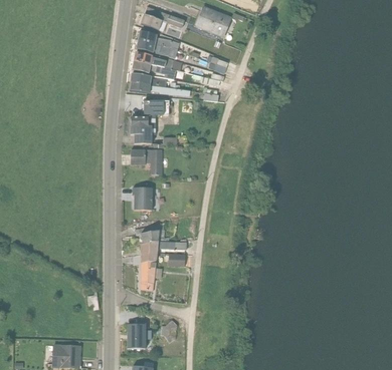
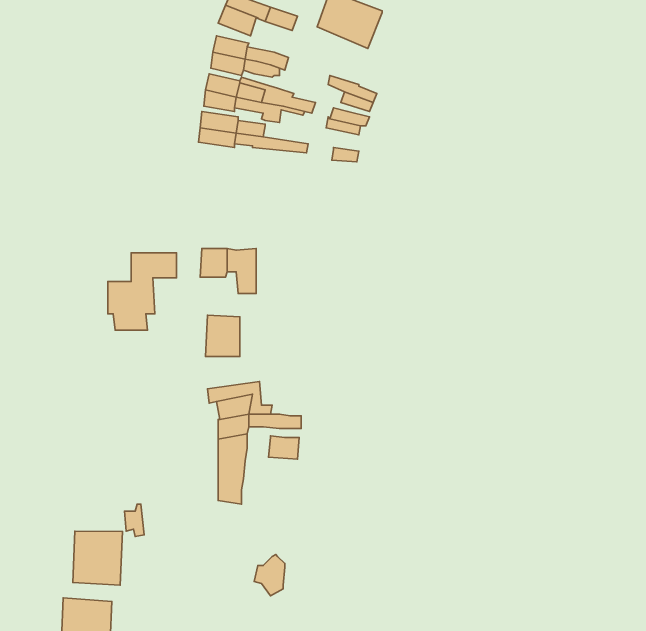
building: [130,100,168,143] -> [108,253,176,330]
building: none -> [73,531,123,585]
building: [127,324,145,348] -> none

